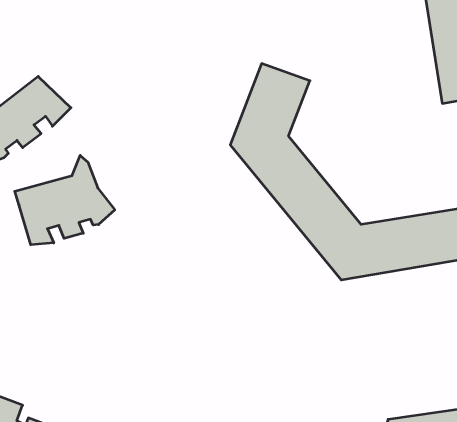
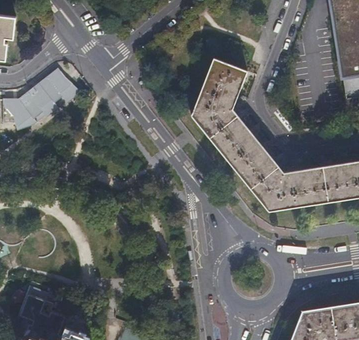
building: [15,155,115,245] -> none

